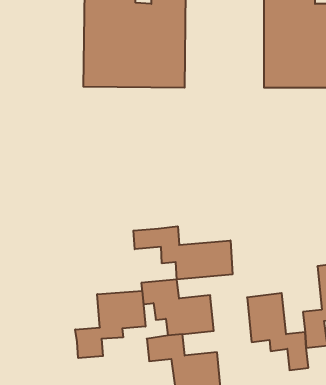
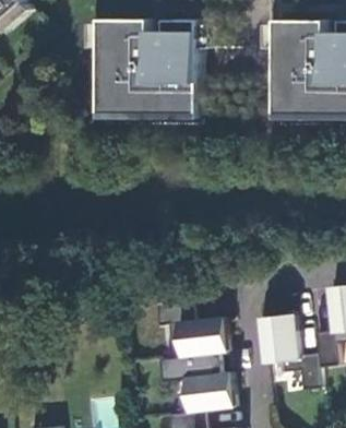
building: [133,226,232,280] -> none
building: [75,291,145,358] -> none

